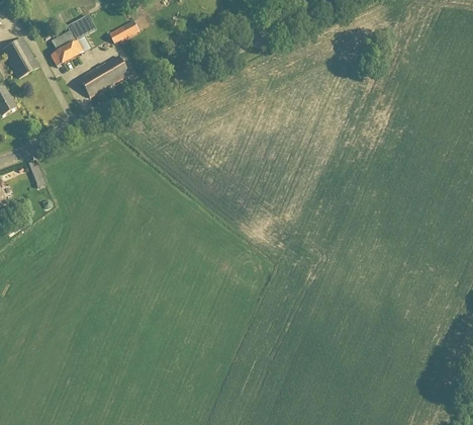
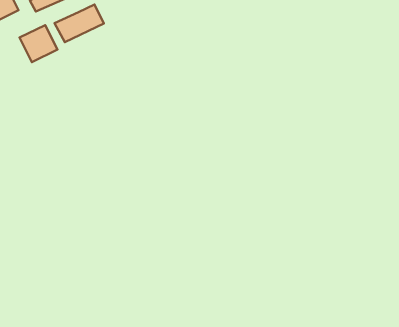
building: none -> [20,25,57,62]

